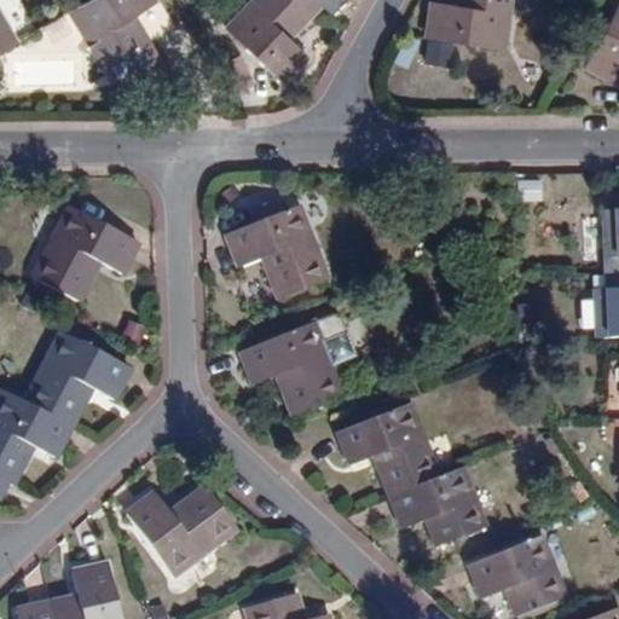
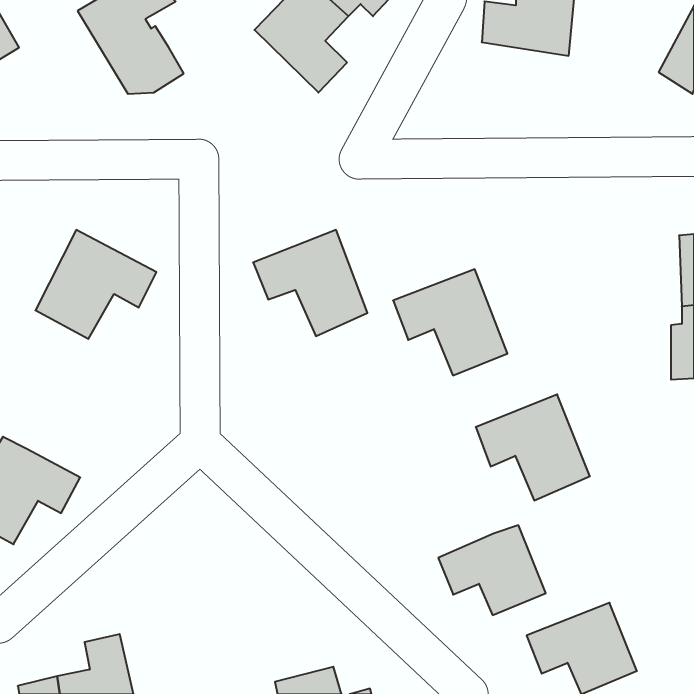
building: [239,322,341,416] -> [393,269,507,375]
building: [24,330,131,424] -> none
building: [337,401,439,496] -> [476,394,590,501]
building: [126,484,237,575] -> none

